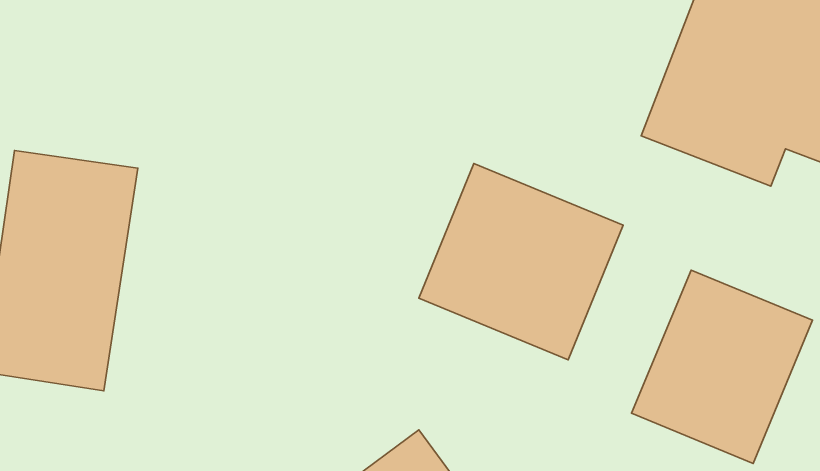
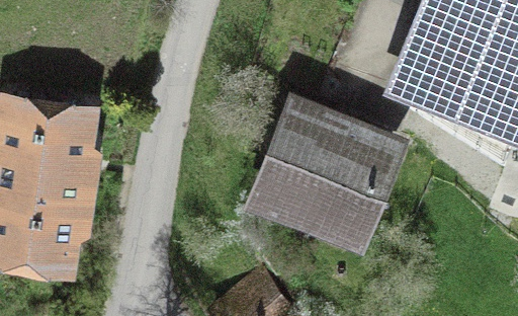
building: [632,270,813,463] -> none

